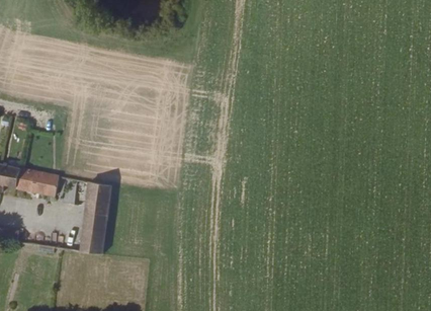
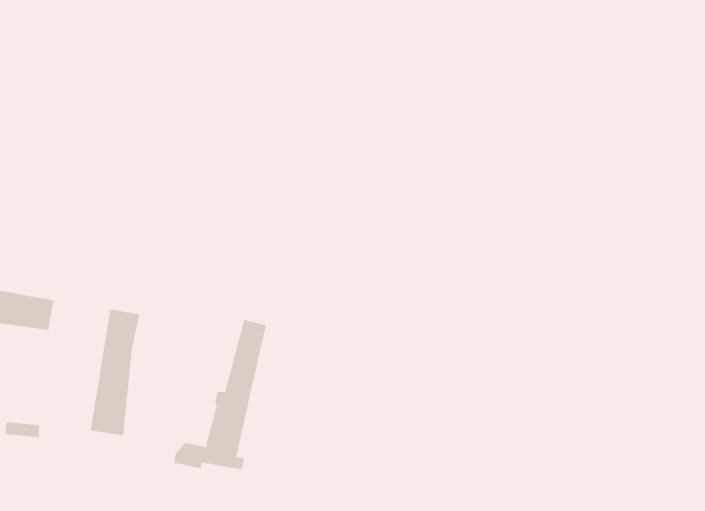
building: none -> [174,319,266,470]

